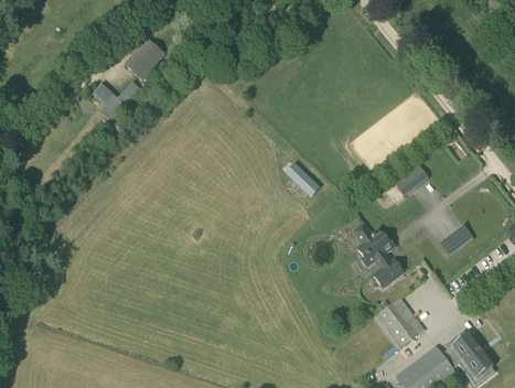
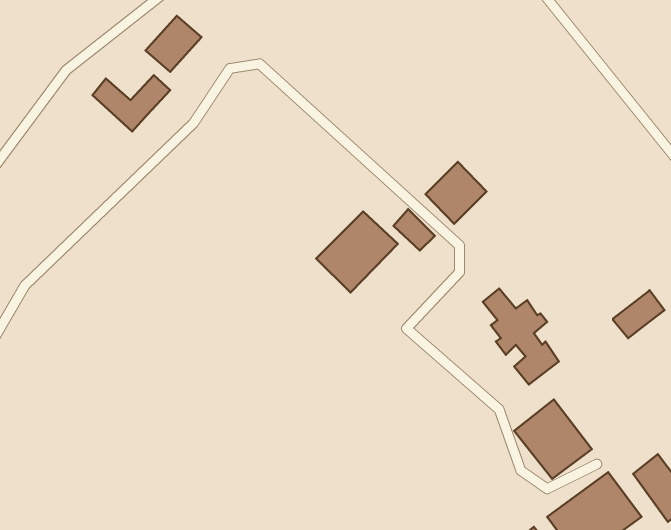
building: none -> [426,162,486,224]
building: [394,164,428,195] -> none
building: none -> [316,211,398,293]

